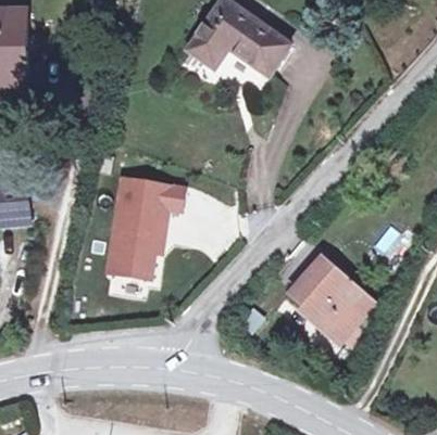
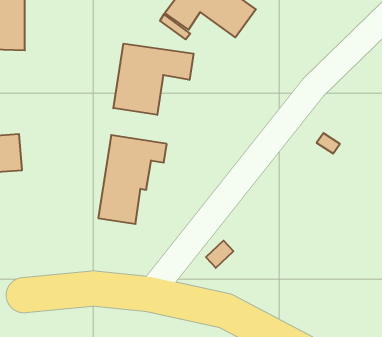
building: none -> [113,44,194,115]
building: [289,256,375,338] -> none

